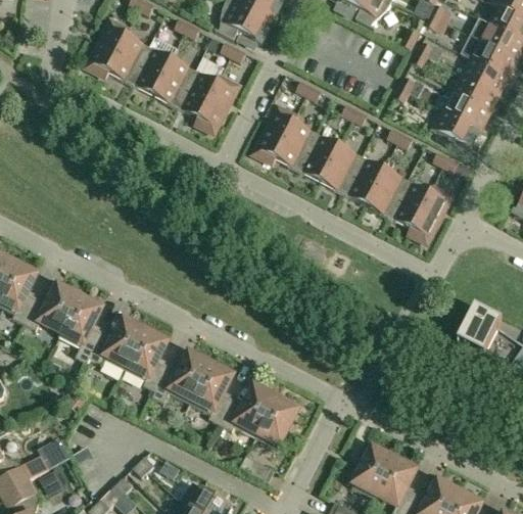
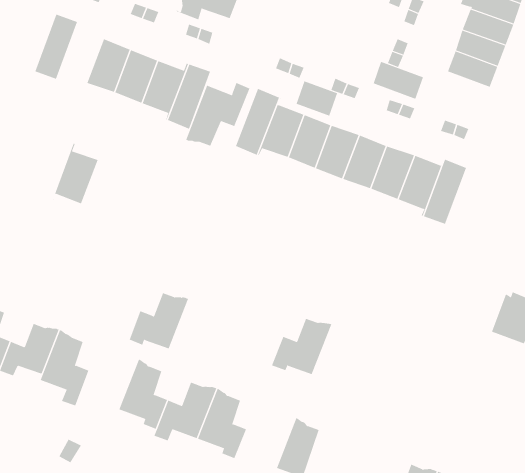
building: [105,28,150,82] -> [52,143,99,204]
building: none -> [185,82,250,147]
building: none -> [296,80,338,117]
building: [436,109,481,146] -> [373,61,424,99]
building: [88,319,147,369] -> [126,292,189,349]
building: [221,386,278,436] -> [271,318,332,375]

